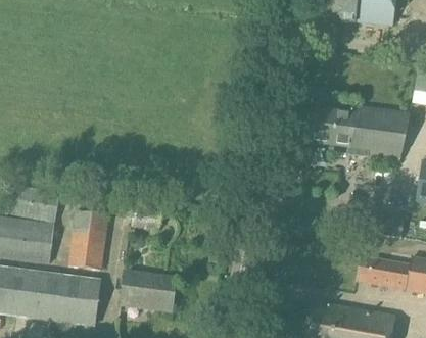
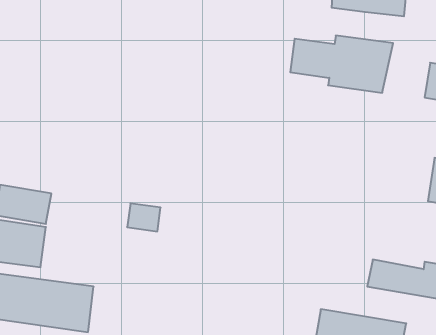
building: [313,106,410,160] -> [290,36,393,93]
building: [68,211,108,270] -> none
building: [121,272,175,309] -> none

